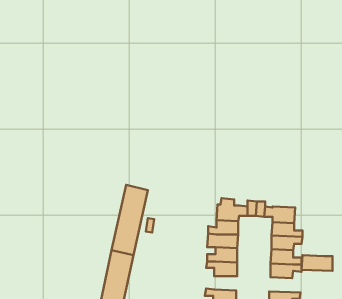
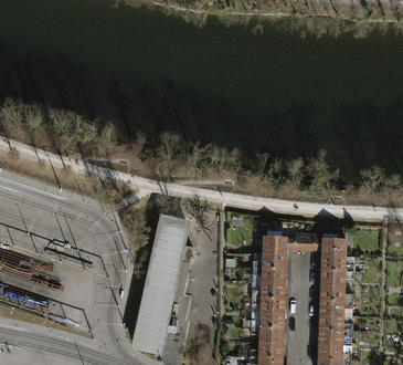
building: [301,255,333,271] -> [318,313,351,330]
building: none -> [251,311,284,327]

